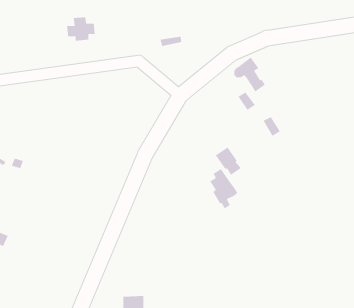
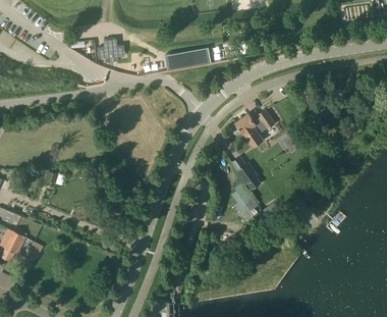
building: [233,57,266,92] -> [232,113,263,147]

